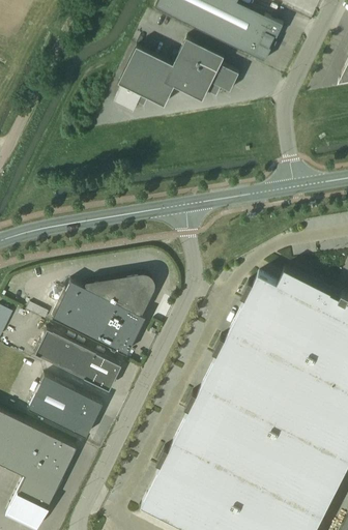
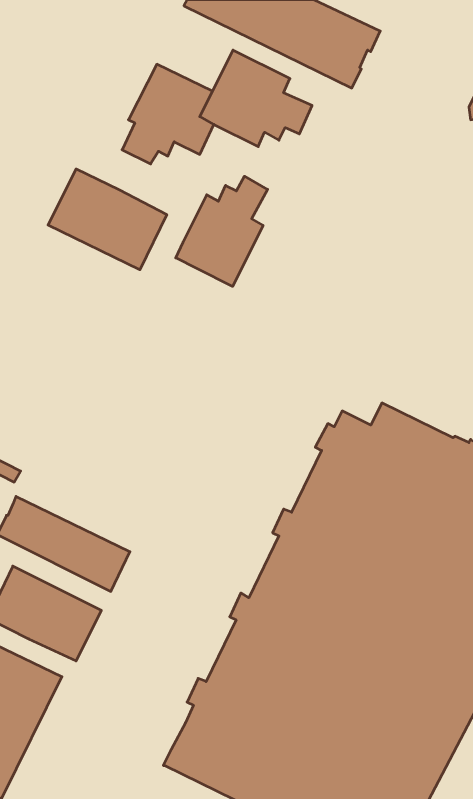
building: none -> [48,169,167,270]
building: none -> [176,176,268,286]
building: [52,273,154,355] -> none

